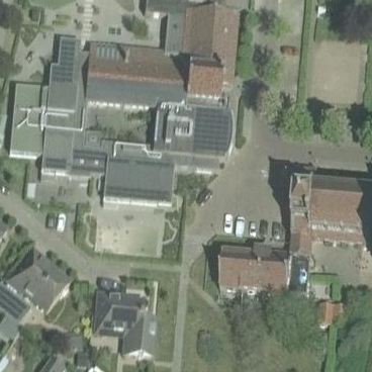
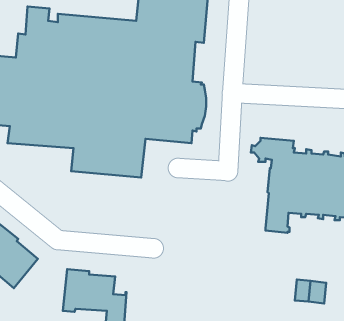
building: [220,249,311,299] -> none

